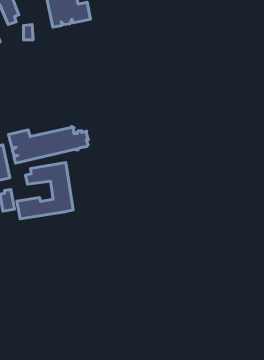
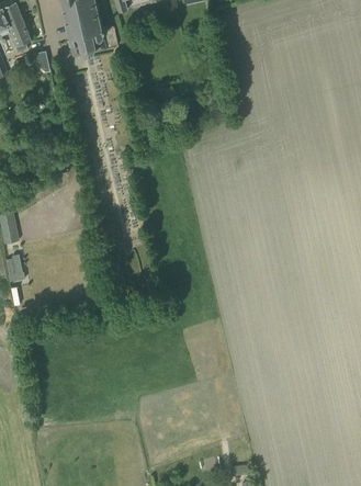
building: [8,127,89,163] -> none
building: [17,163,73,219] -> none

